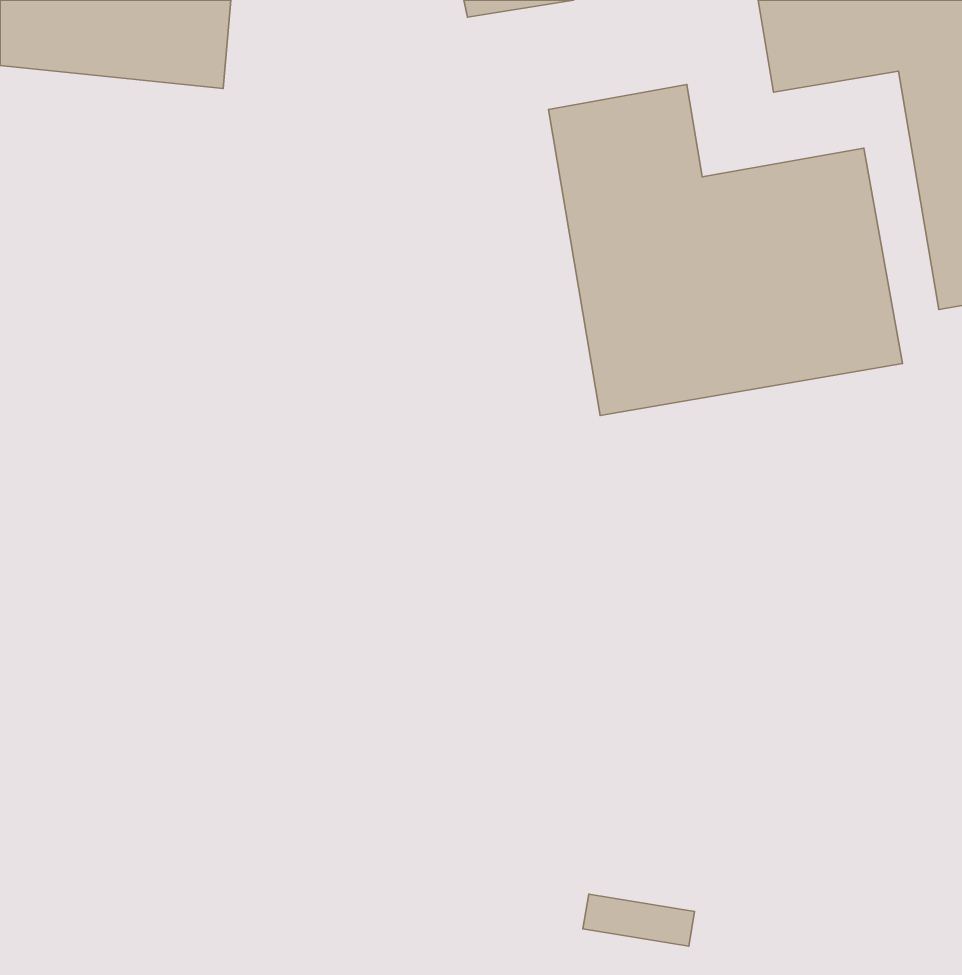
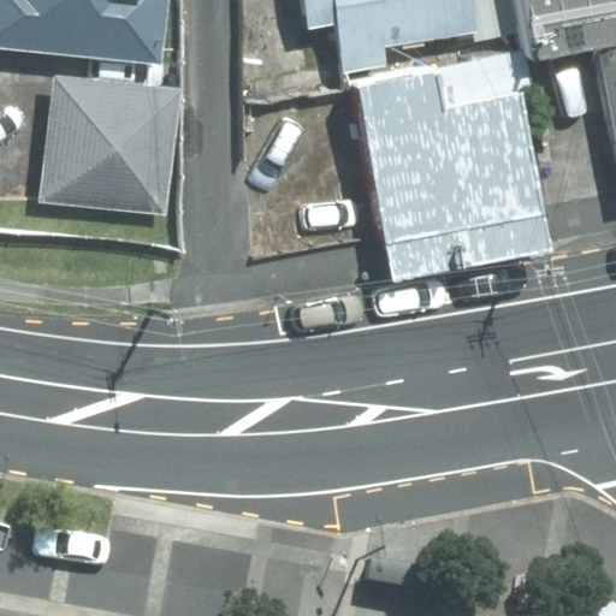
building: none -> [38,75,179,213]

